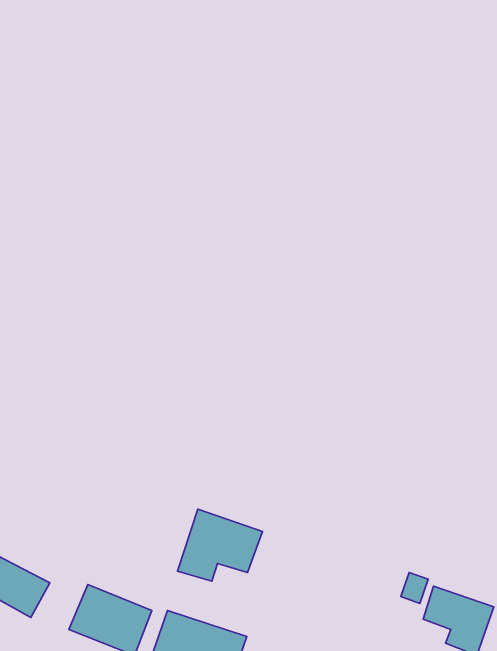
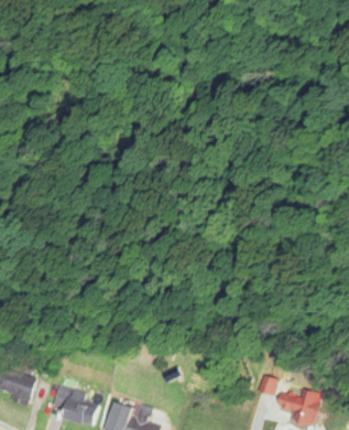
building: [177,509,262,581] -> none

